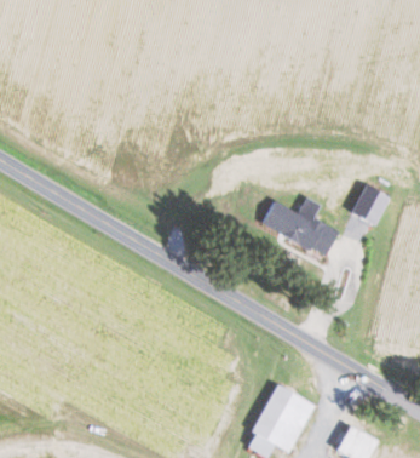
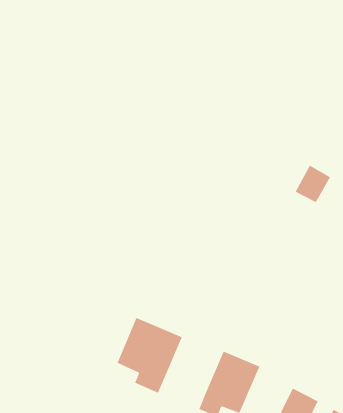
building: [261,196,338,257] -> none
building: none -> [117,317,182,394]

